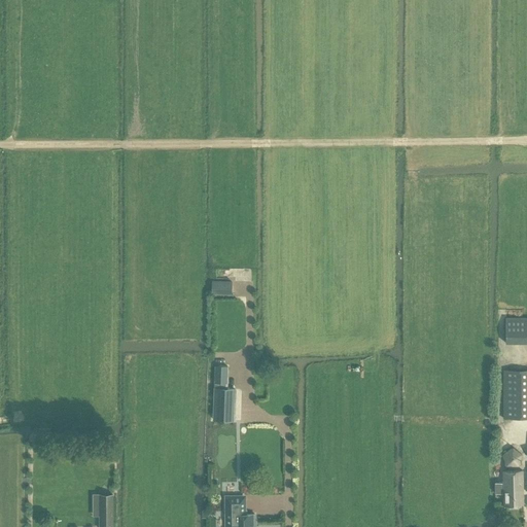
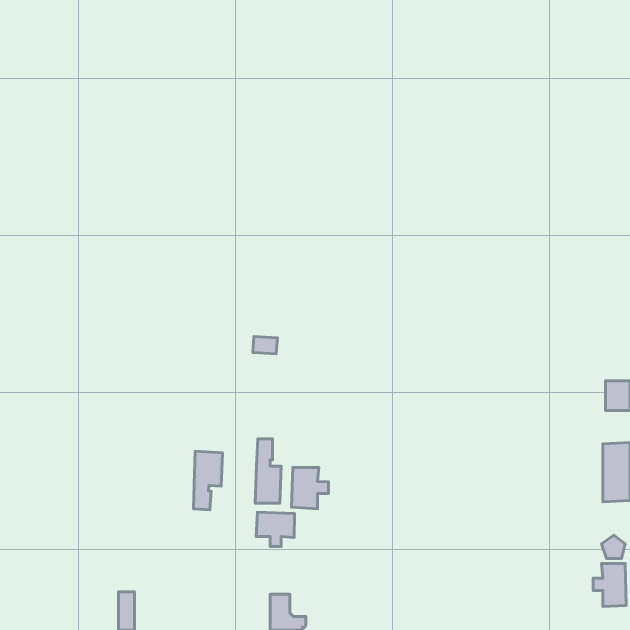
building: none -> [194,451,222,510]
building: none -> [292,467,329,509]
building: none -> [256,512,295,547]

